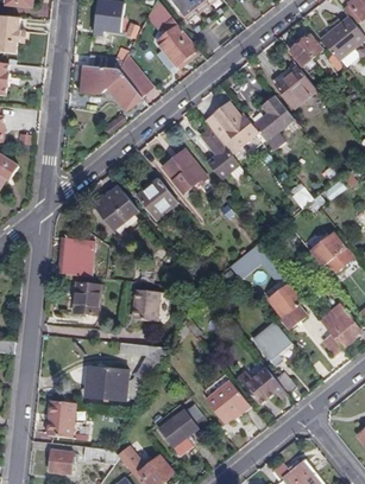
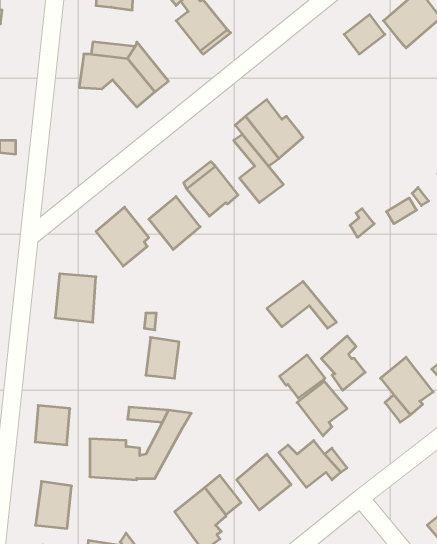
building: [275,65,315,107] -> none
building: [253,95,292,140] -> none
building: [310,233,352,274] -> none
building: [73,282,100,313] -> [35,405,70,445]
building: none -> [280,355,325,398]

